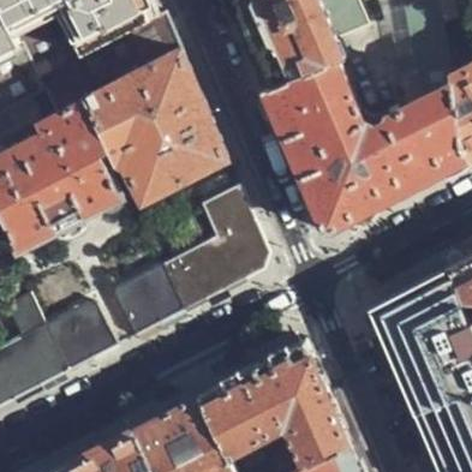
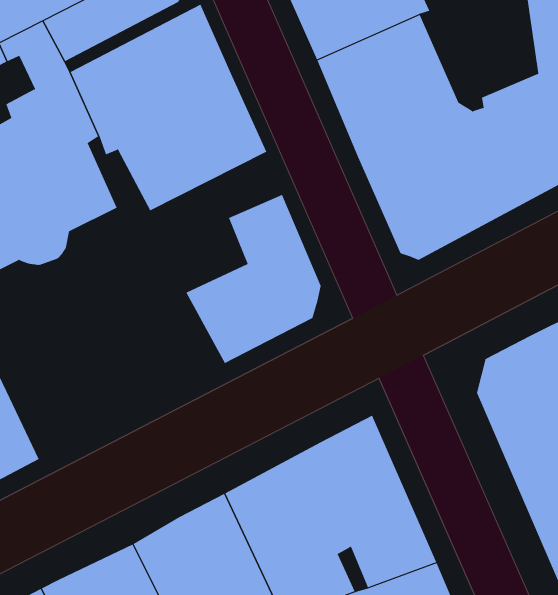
building: [114,255,197,334] -> none
building: [43,301,116,372] -> none

